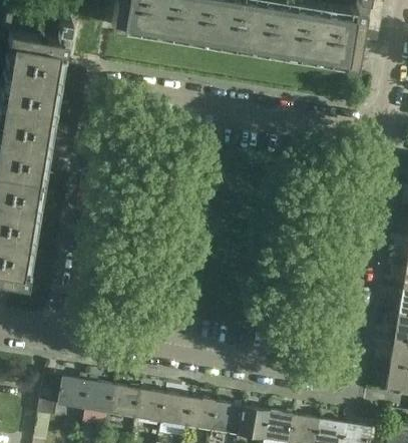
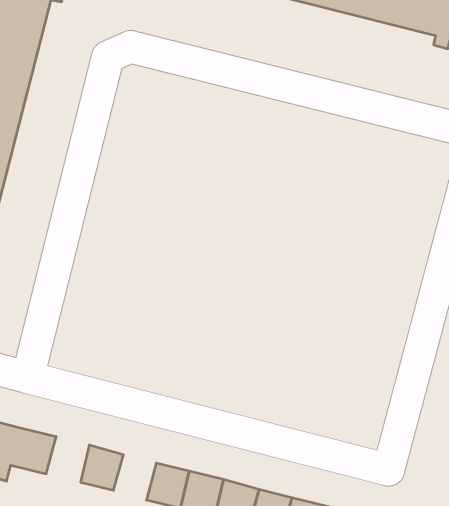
building: [85,381,115,413] -> none
building: [136,390,166,422] -> none

